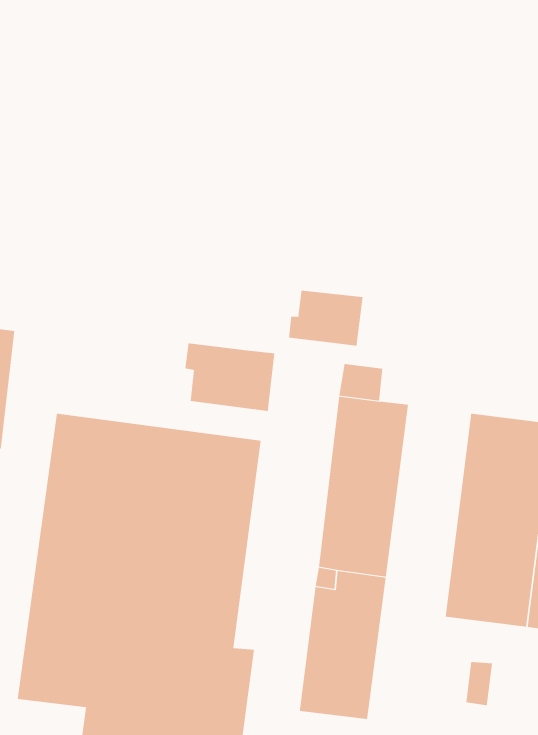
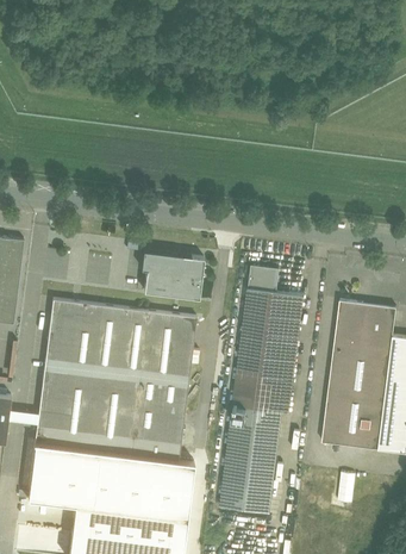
building: [289,290,363,347] -> none

